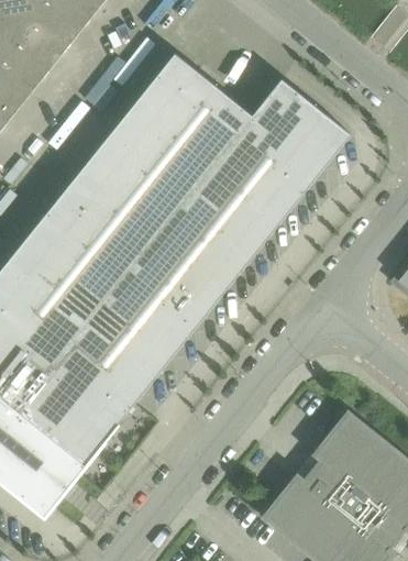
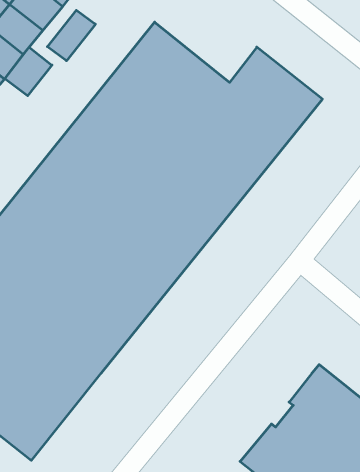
building: none -> [47,10,95,61]
building: none -> [5,47,52,96]

